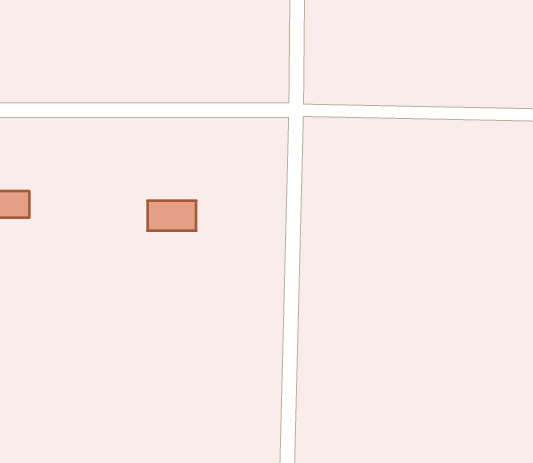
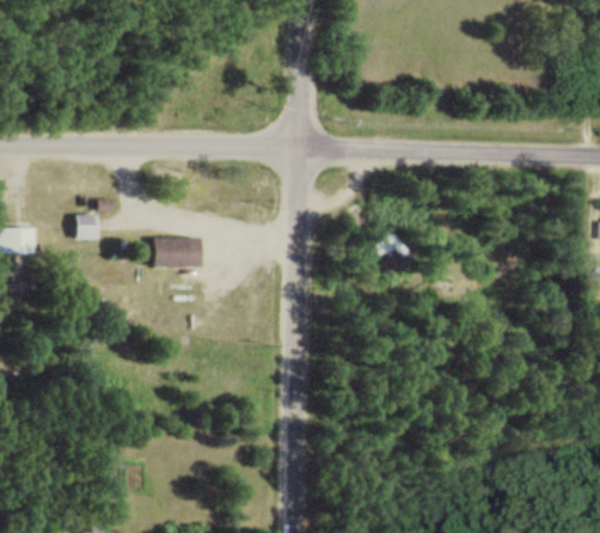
building: none -> [76,213,98,240]
building: none -> [375,234,408,269]

